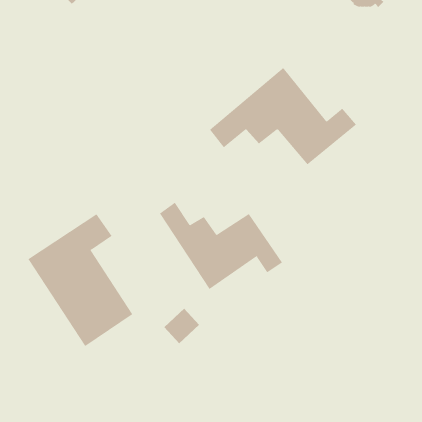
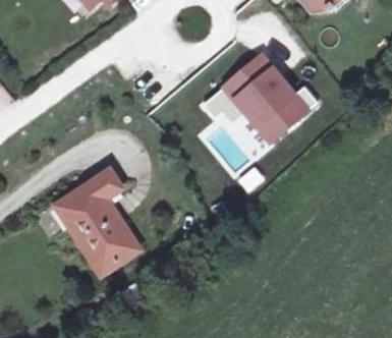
building: [159,202,283,290] -> none

